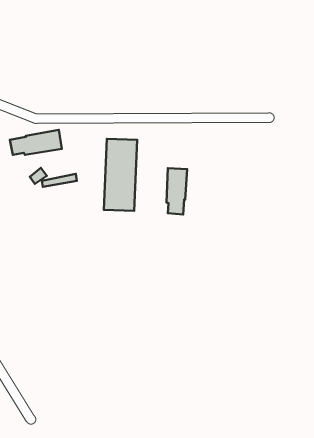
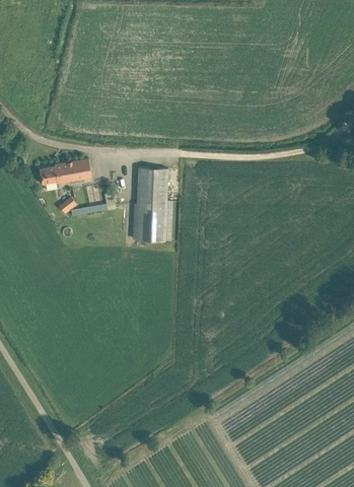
building: [166,168,187,214] -> none

